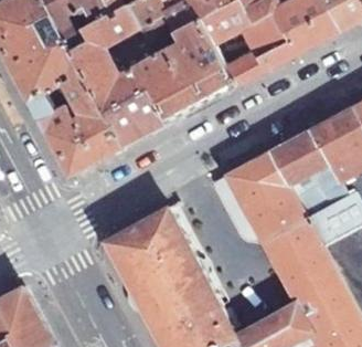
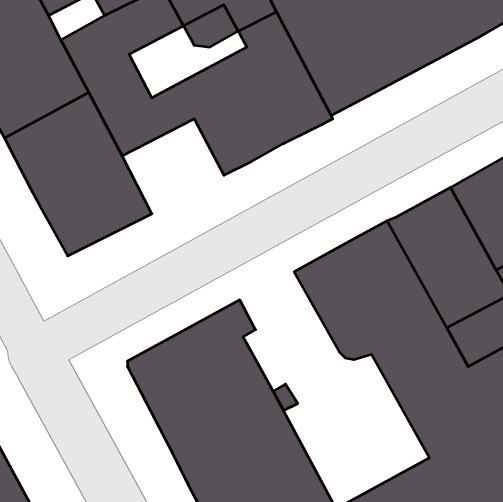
building: [102,88,166,148] -> none

